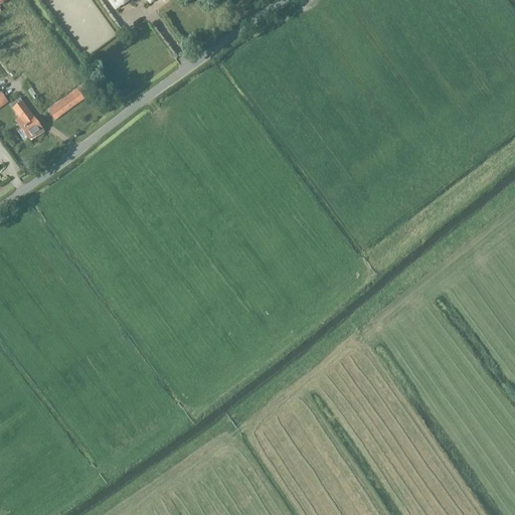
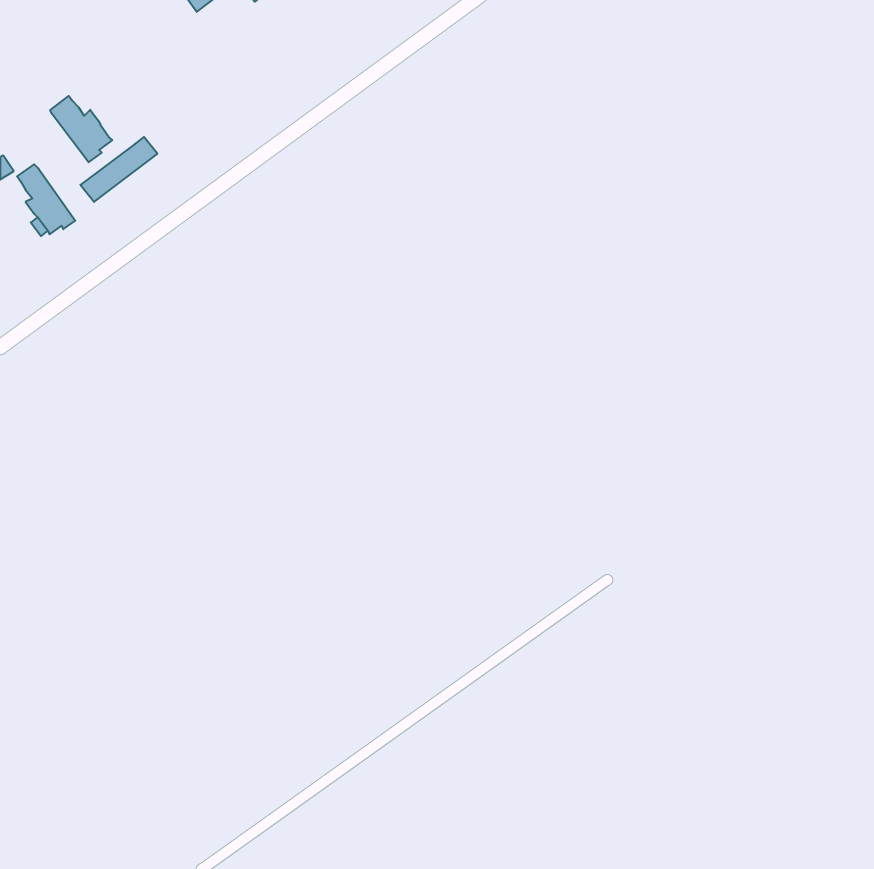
building: none -> [50,96,112,162]

